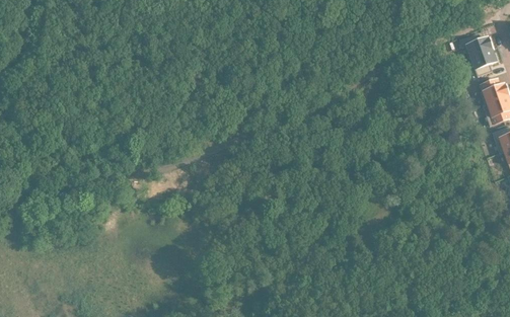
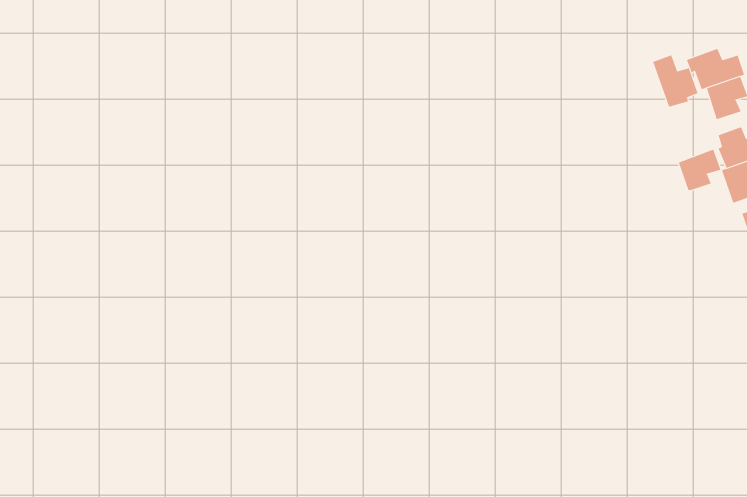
building: none -> [653,54,698,108]
building: none -> [678,149,721,191]

